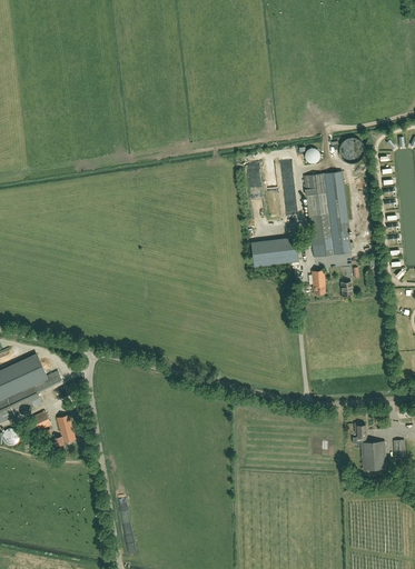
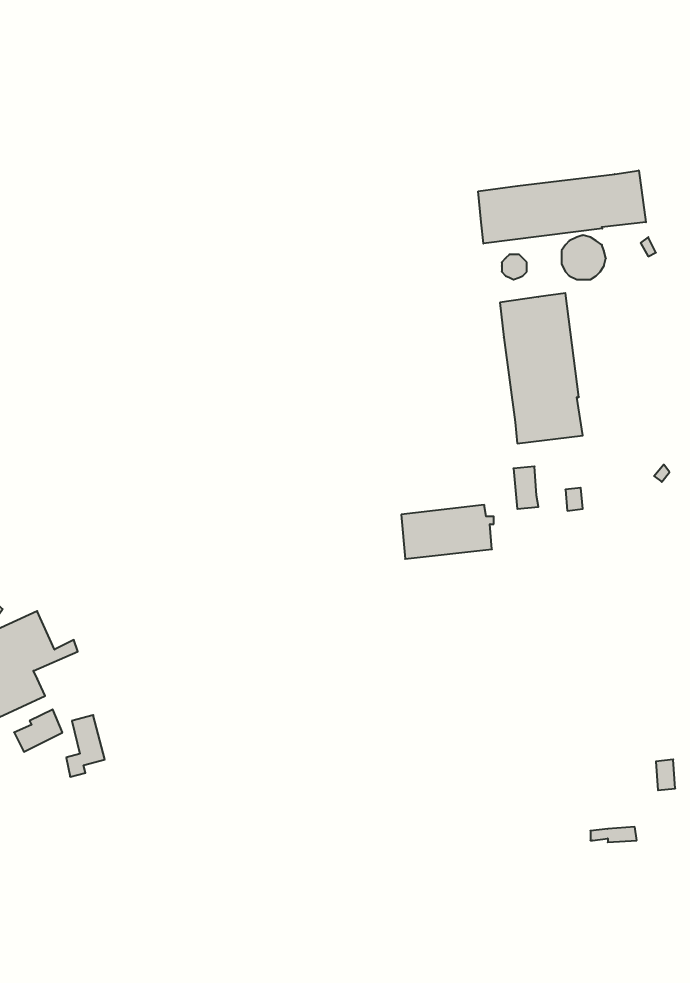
building: none -> [478,170,646,244]
building: [247,236,300,267] -> [401,505,494,559]
building: [355,422,387,469] -> none

